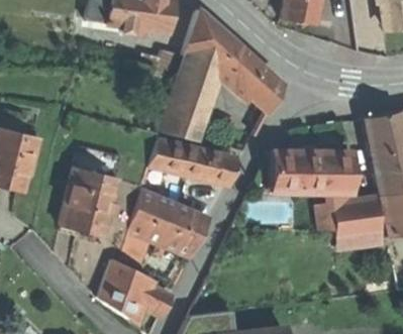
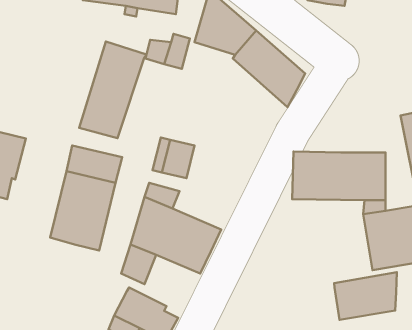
building: [162,55,220,139] -> [79,42,147,138]
building: [178,145,230,185] -> none
building: none -> [334,272,397,320]

